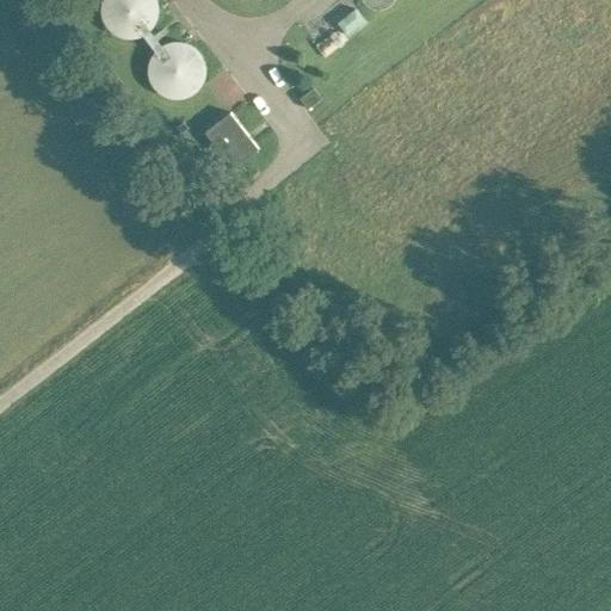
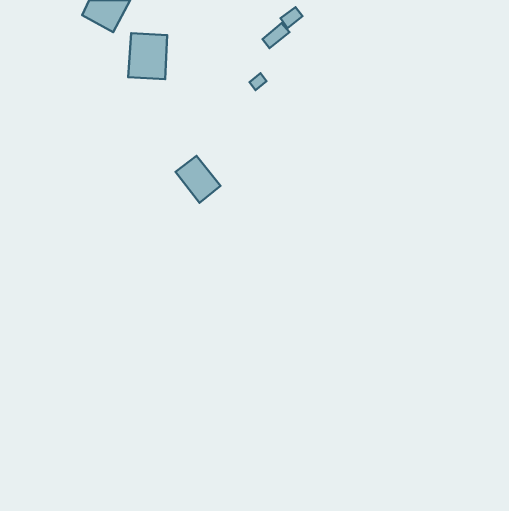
building: [202,112,255,168] -> [175,156,220,203]

